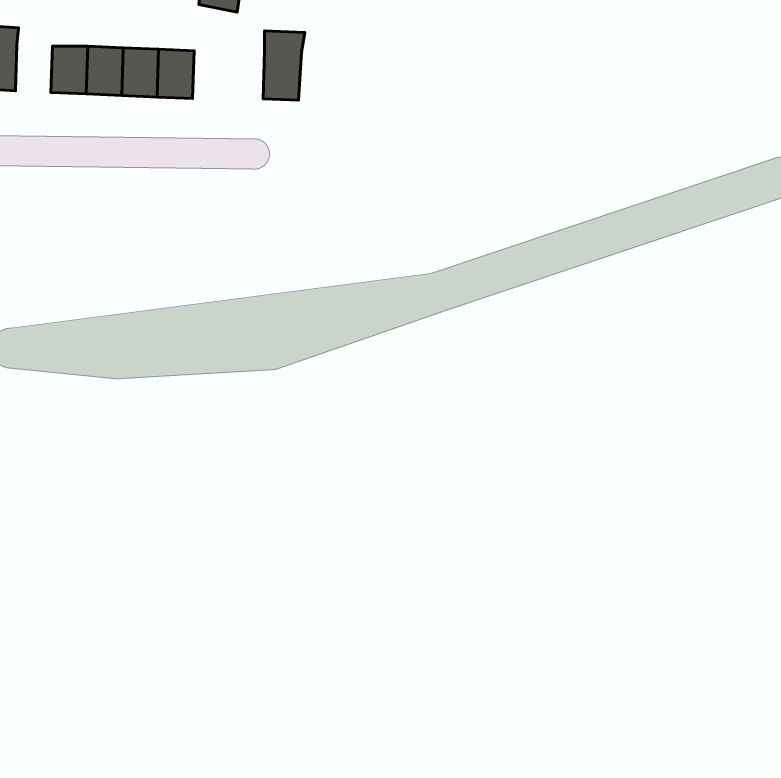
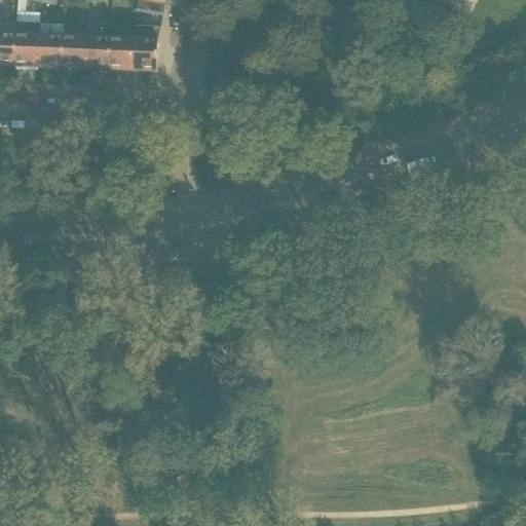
building: none -> [10,18,36,62]
building: [263,31,305,100] -> [128,21,156,67]

